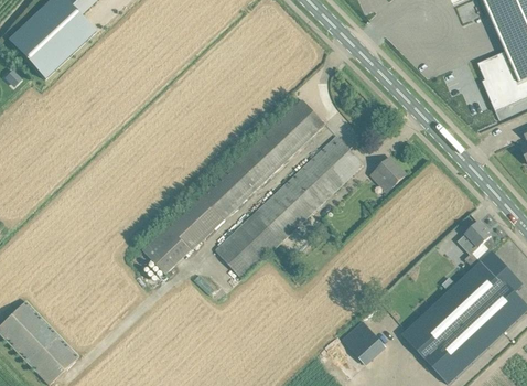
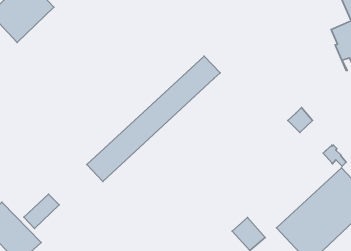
building: [215,136,363,277] -> none
building: [372,157,406,191] -> [288,108,313,132]
building: none -> [24,194,59,229]

